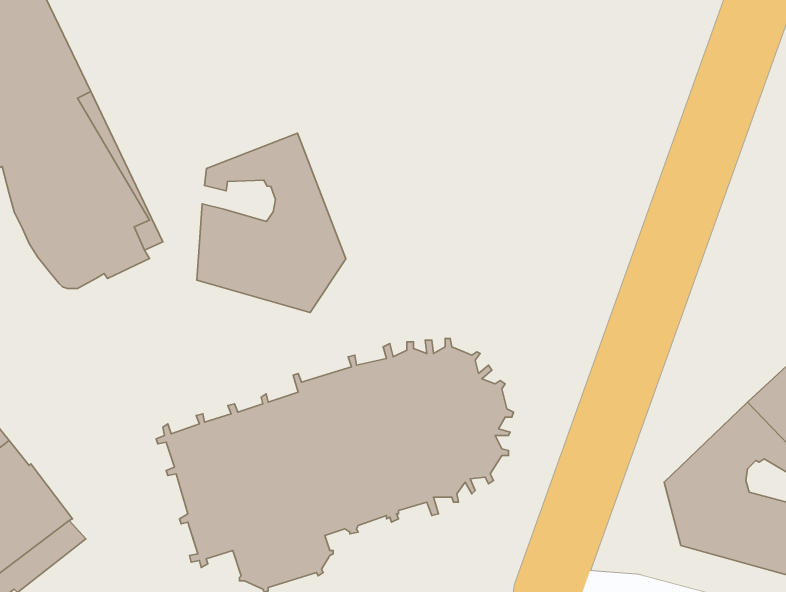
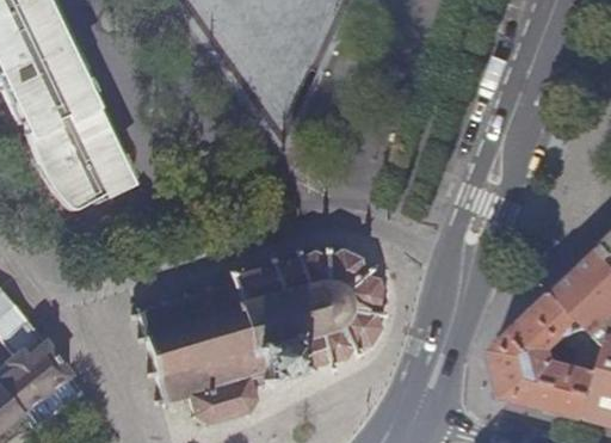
building: [197,133,346,312] -> none

